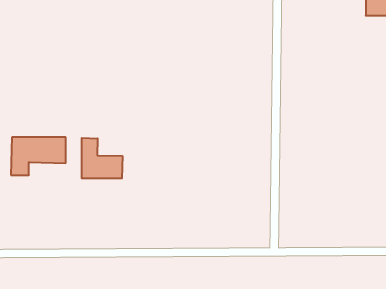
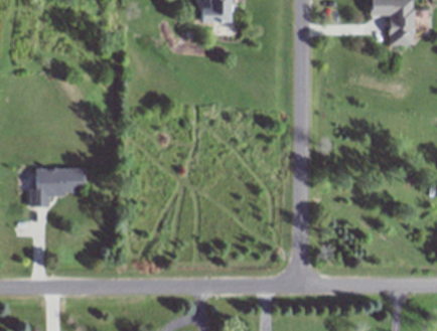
building: [82,138,122,178] -> none

